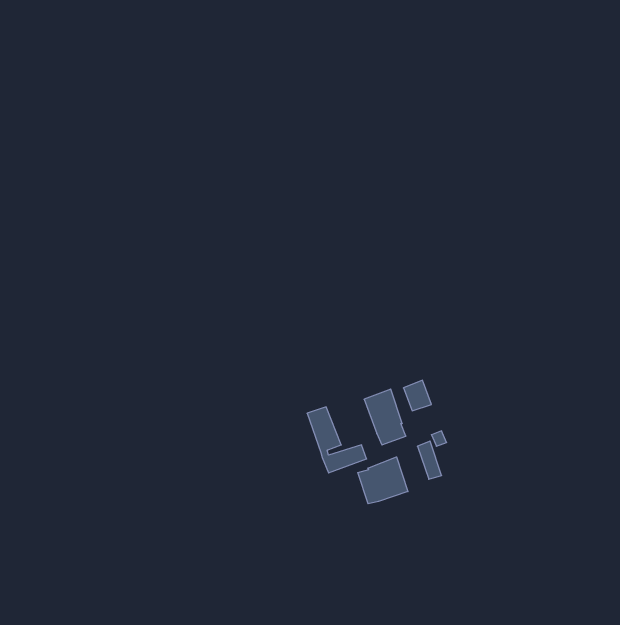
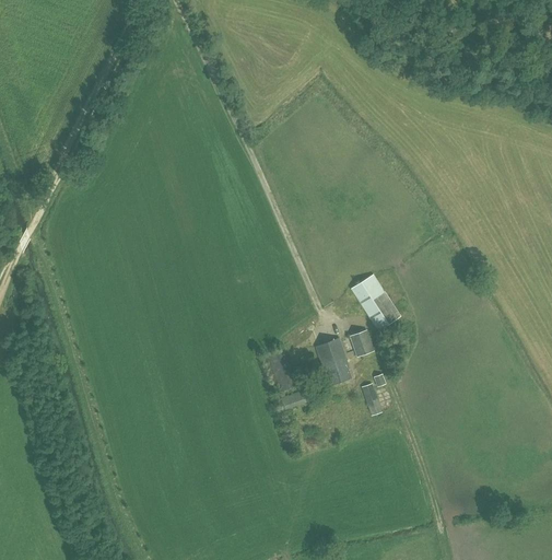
building: none -> [351,273,399,329]
building: [358,457,408,504] -> none

